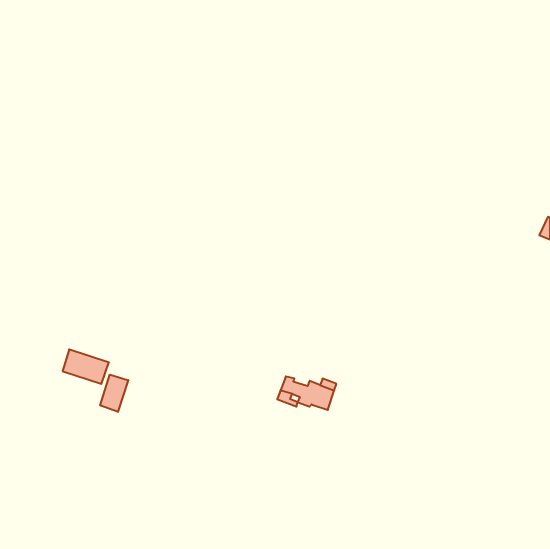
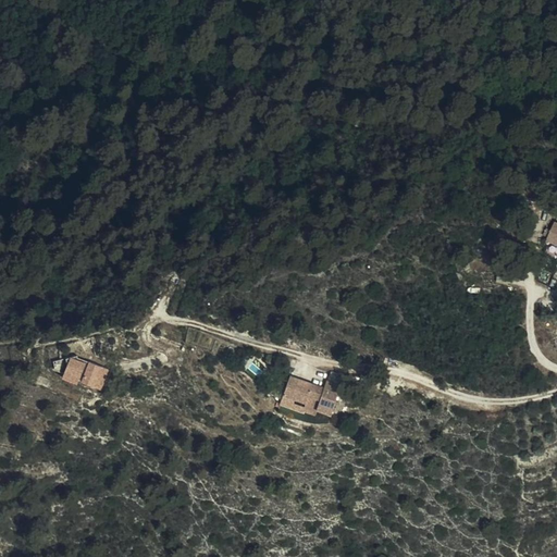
building: [100,375,128,412] -> none

